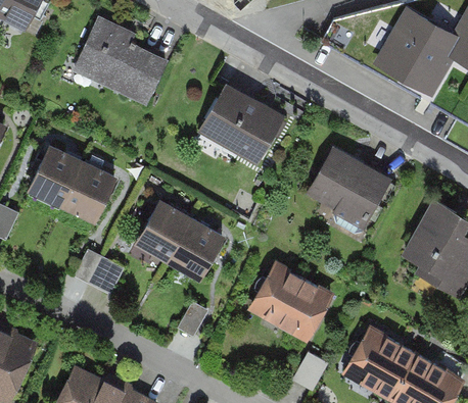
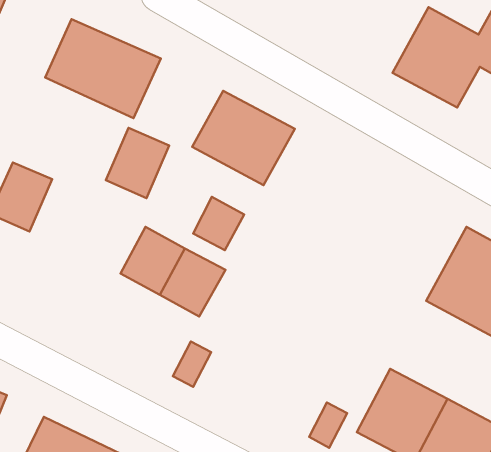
building: [302,145,401,235] -> none
building: [59,159,113,219] -> [106,128,169,198]
building: none -> [193,197,244,250]
building: [77,248,123,290] -> none
building: [243,260,339,353] -> none

